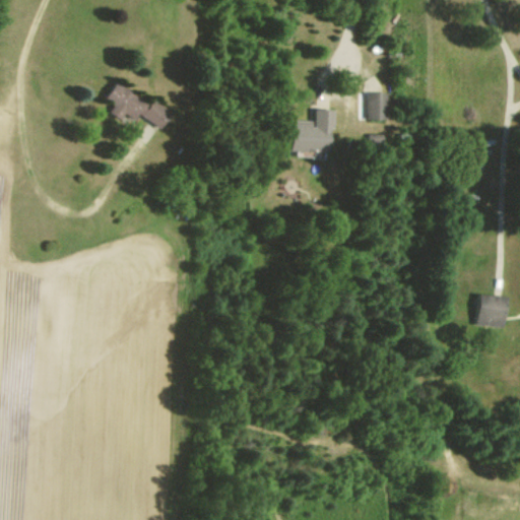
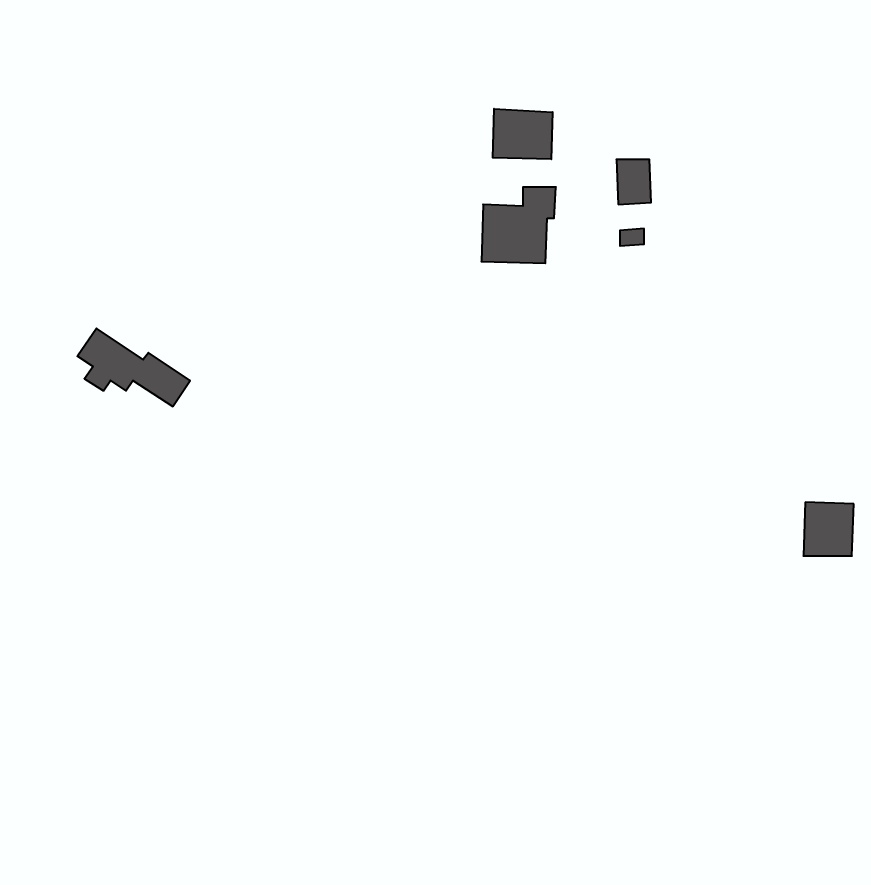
building: none -> [493,109,553,159]
building: [103,83,169,129] -> [77,328,190,406]

